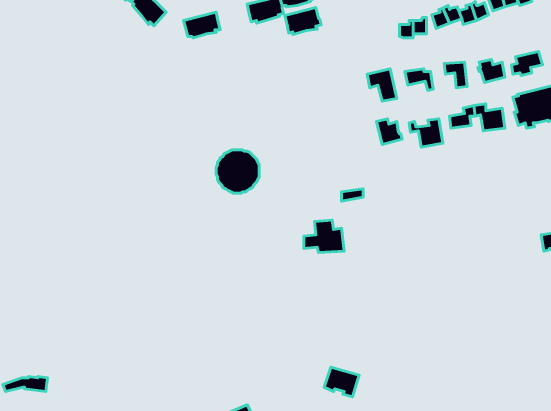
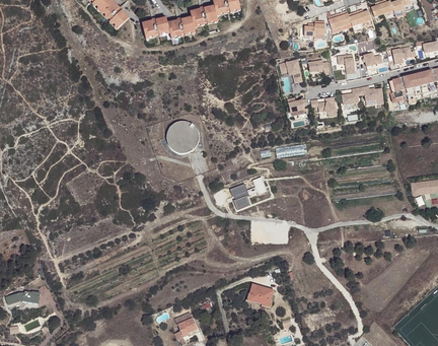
building: [285,7,321,34] -> [167,16,195,37]

